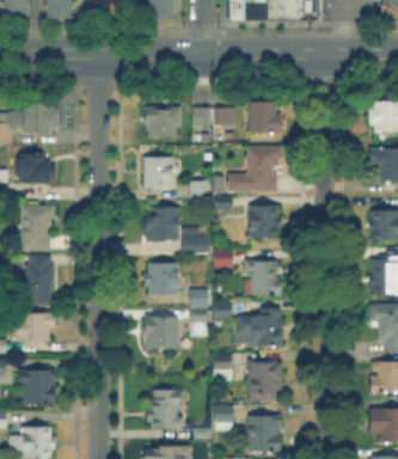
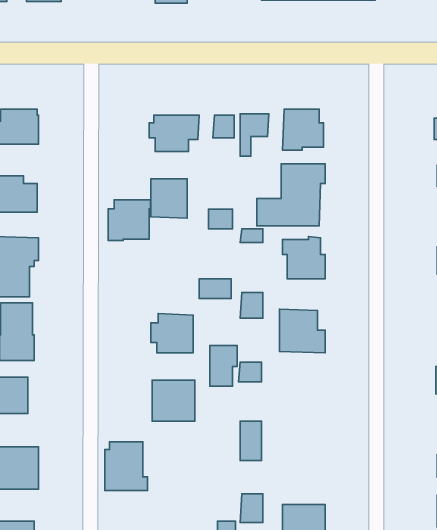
building: [146,208,179,240] -> [108,200,151,241]
building: [238,308,283,345] -> none
building: [247,360,282,399] -> none
building: [148,390,182,428] -> [105,442,147,490]

